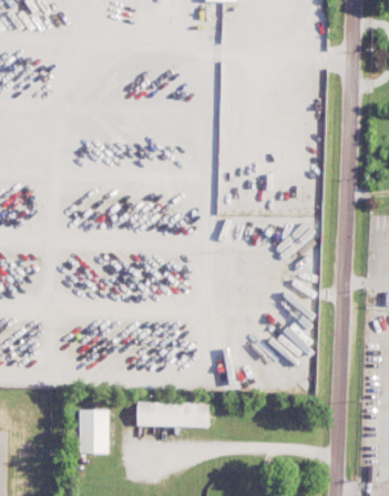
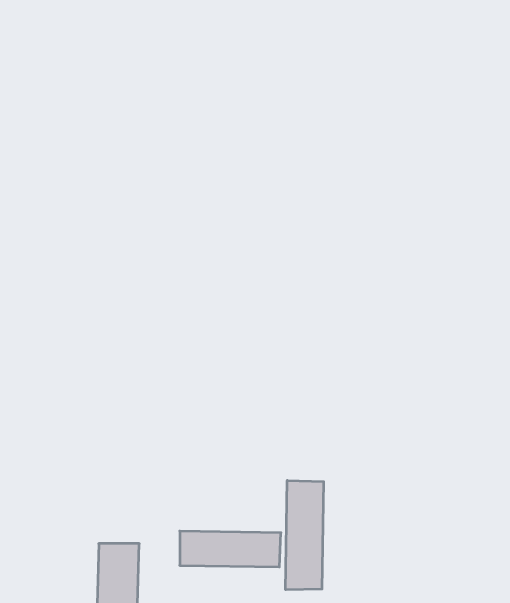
building: none -> [286,480,324,590]

